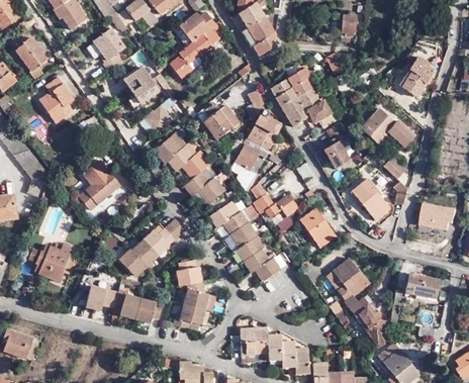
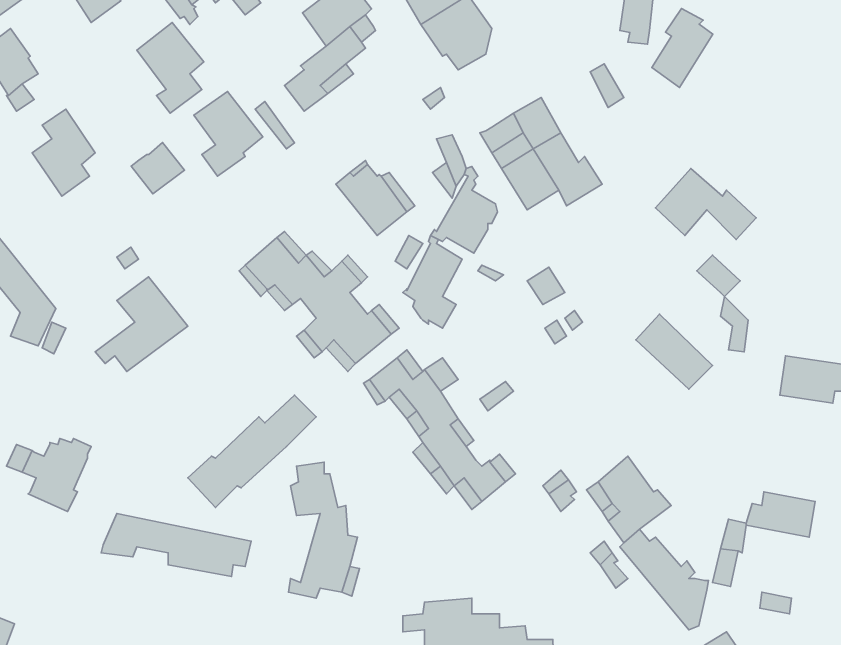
building: [402,55,434,95] -> [652,8,713,87]
building: [145,104,172,130] -> [131,143,184,194]
building: [324,124,352,168] -> none
building: [248,181,298,213] -> none
building: [298,205,334,245] -> none

